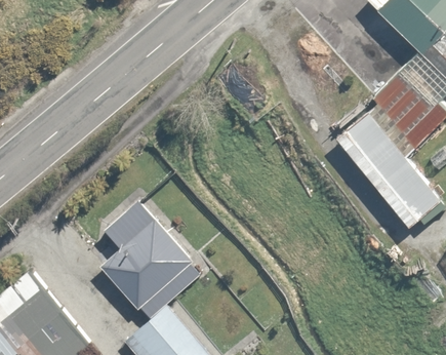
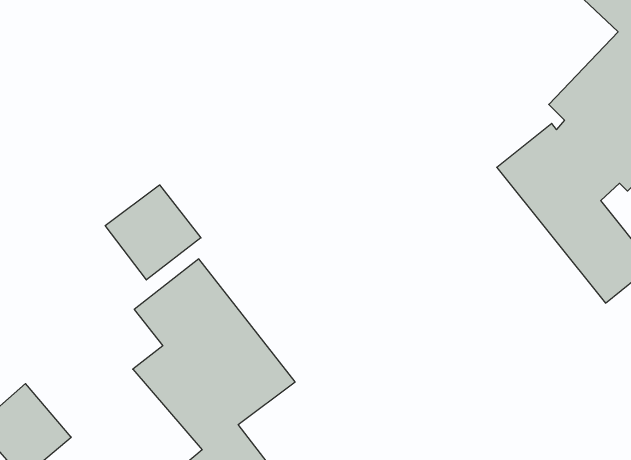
building: none -> [105,185,201,280]

